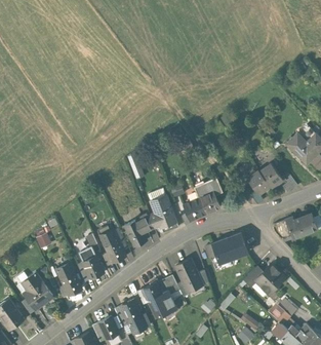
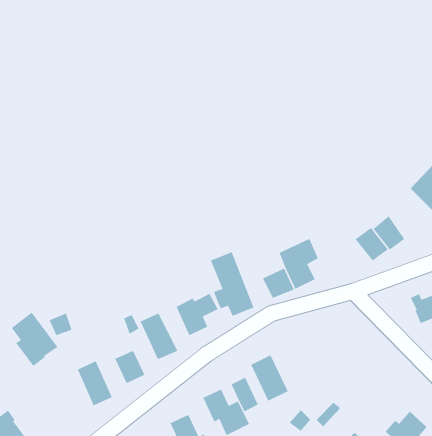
building: [212,235,243,263] -> none
building: [254,265,284,295] -> none
building: [17,272,50,310] -> [11,311,59,367]

